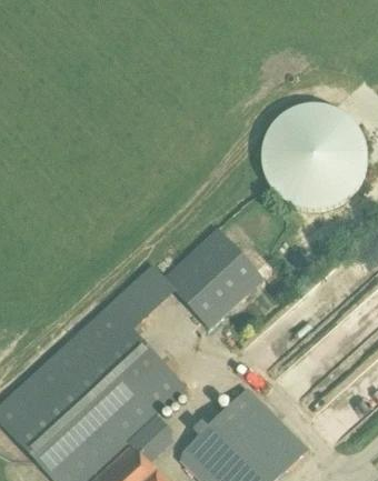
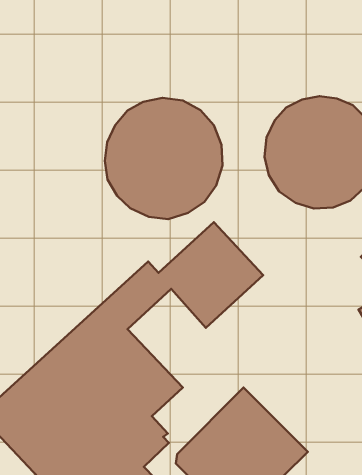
building: none -> [105,98,222,219]

